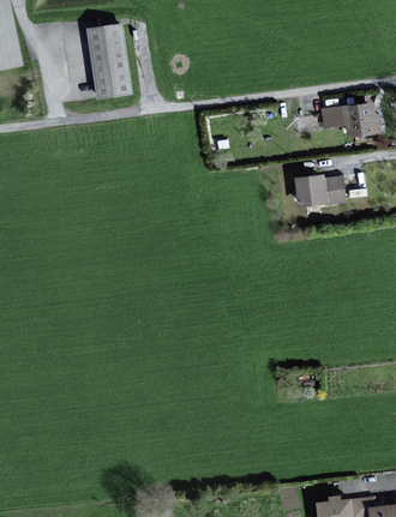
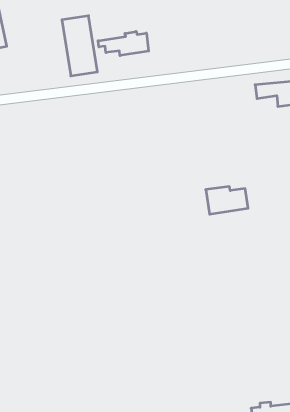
building: none -> [98,31,149,56]
building: [295,174,347,208] -> [206,187,248,214]

